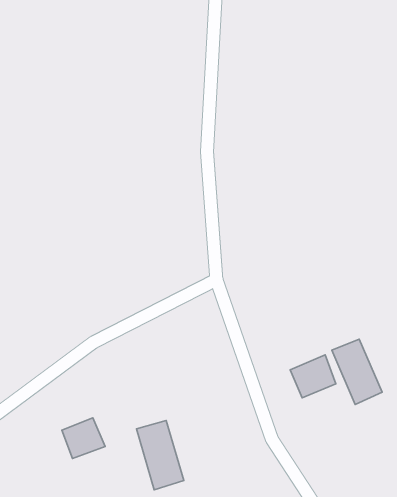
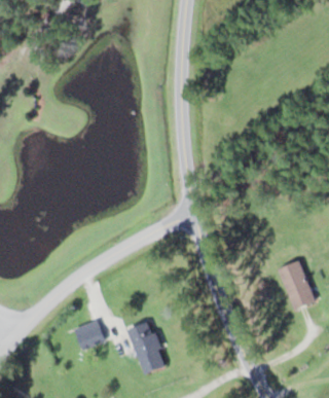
building: [290,355,336,398] -> none

